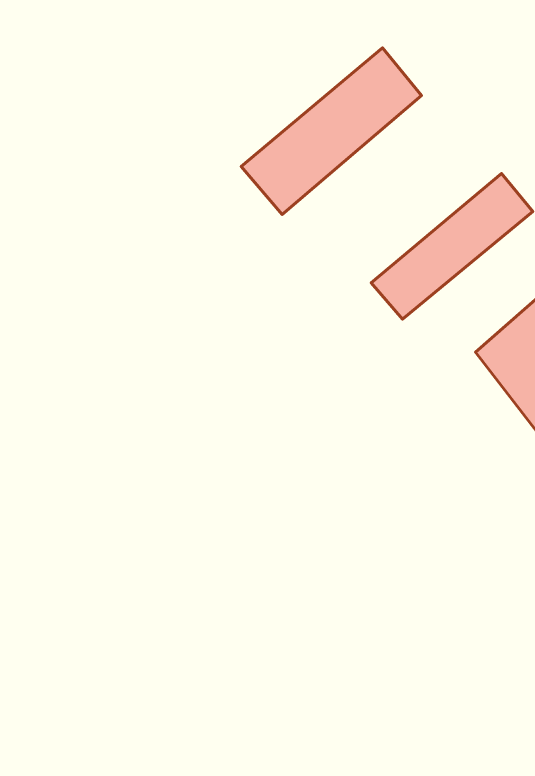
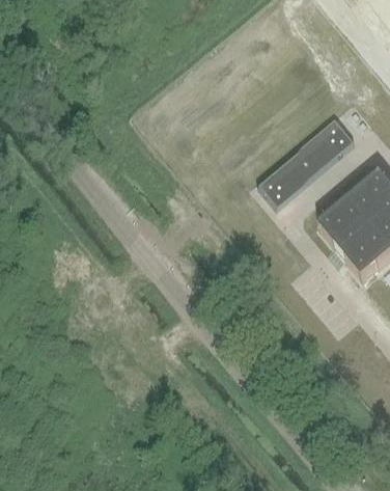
building: [241,48,422,215] -> none

